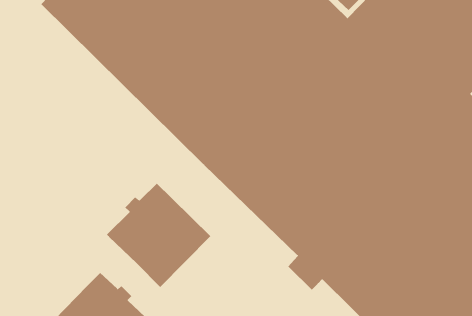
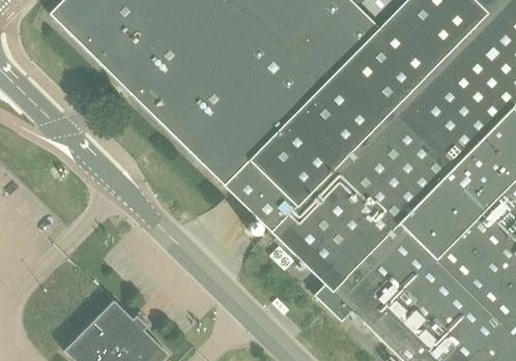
building: [106,183,211,288] -> none

